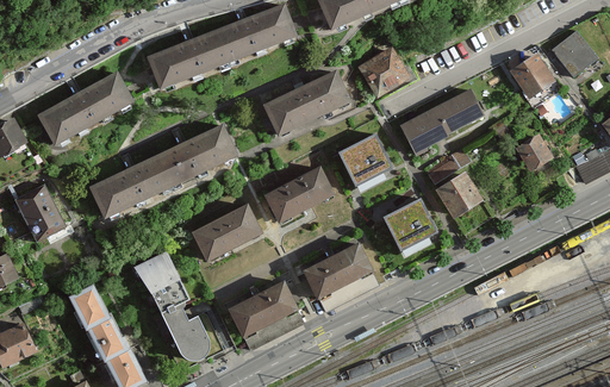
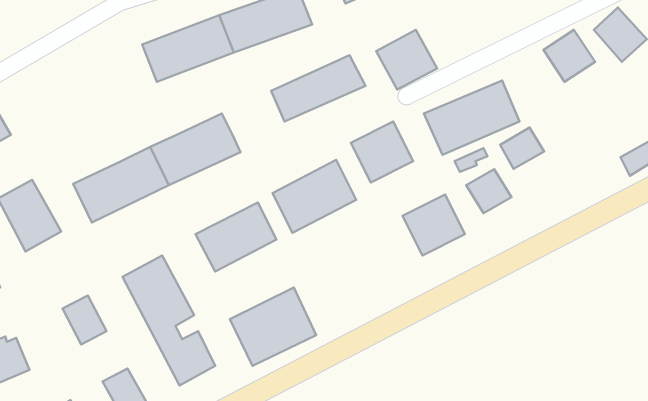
building: [41,69,139,148] -> none
building: [513,132,553,169] -> [500,128,544,169]
building: [301,243,376,308] -> none
building: [92,318,133,363] -> none

